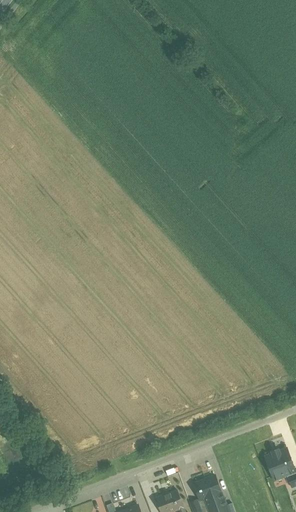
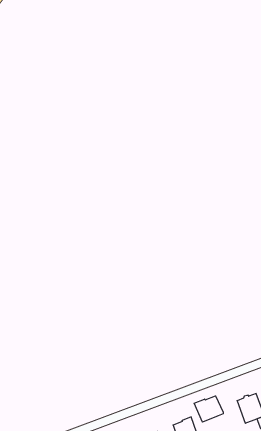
building: none -> [194,396,223,422]

